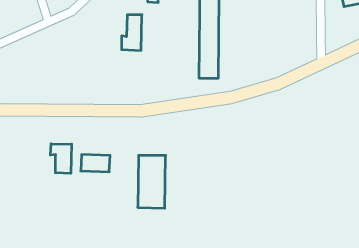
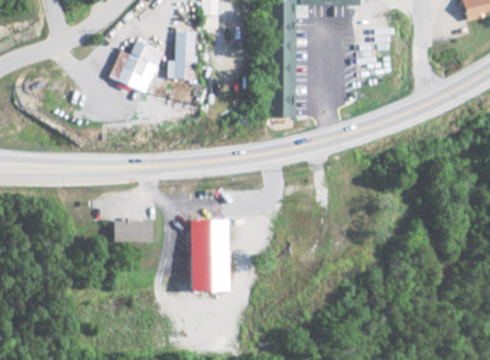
building: none -> [110,40,162,92]
building: [50,144,72,173] -> none

